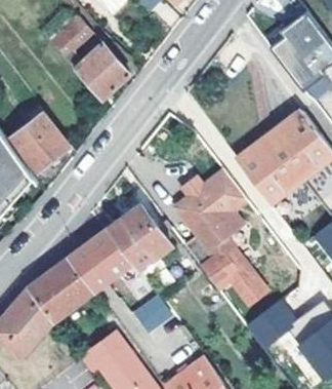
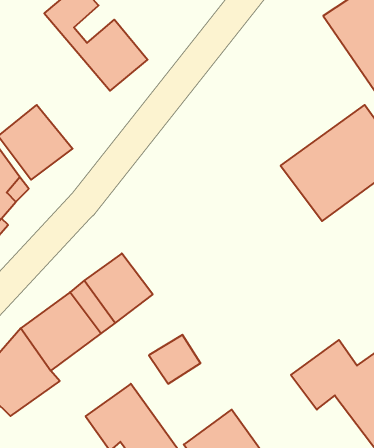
building: [175,169,264,305] -> none
building: [110,204,179,279] -> none

